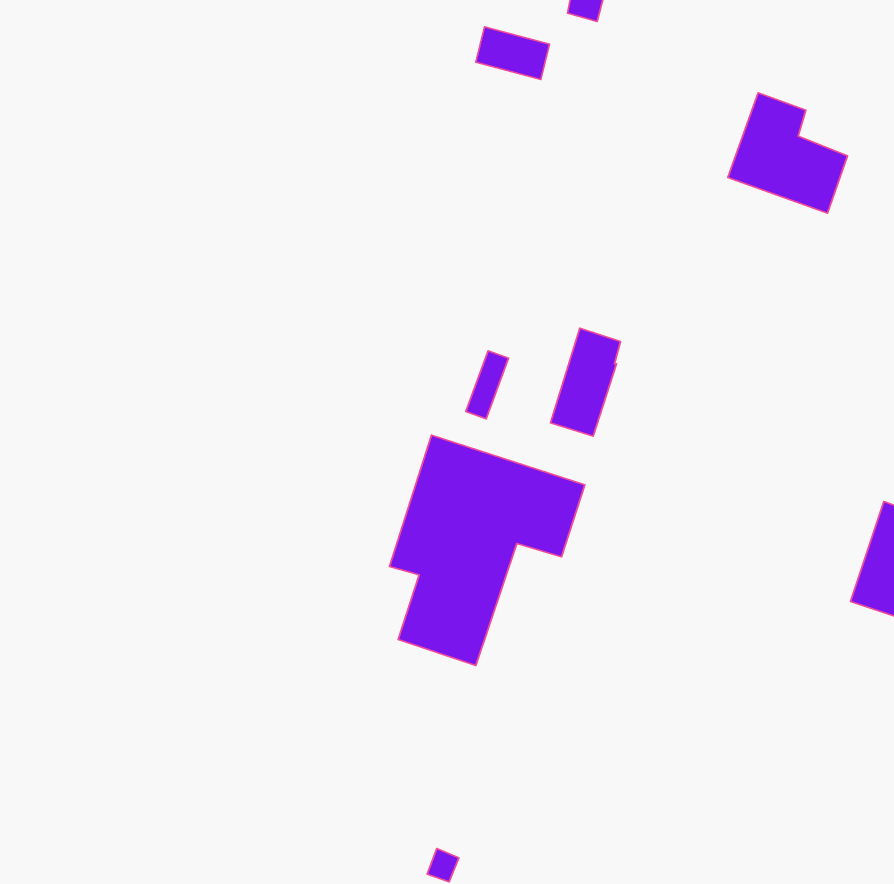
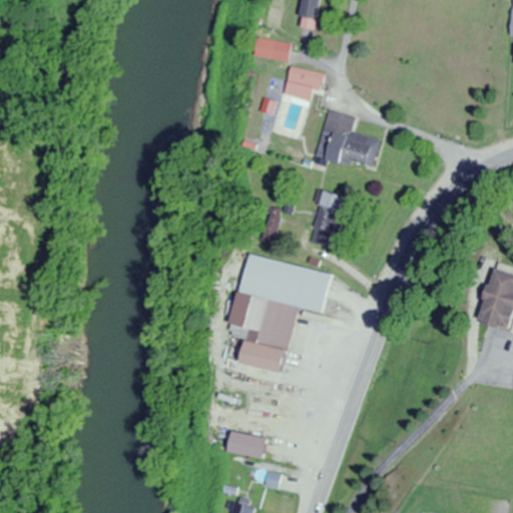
building: none -> [286,66,327,99]
building: [728,93,848,213] -> [317,109,379,169]
building: none -> [225,431,267,459]

